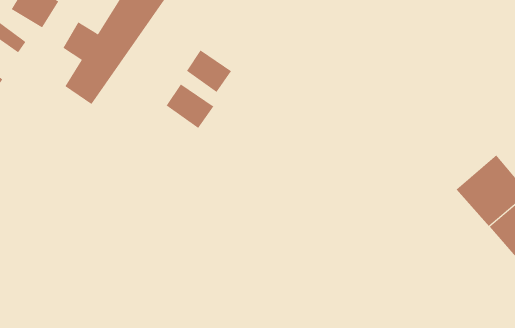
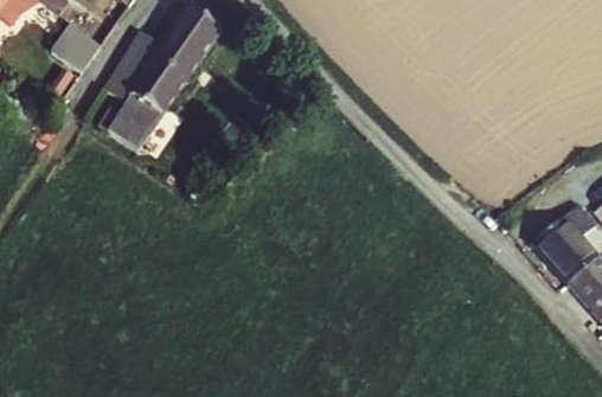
building: [186,50,232,93] -> none
building: [166,83,214,129] -> none

